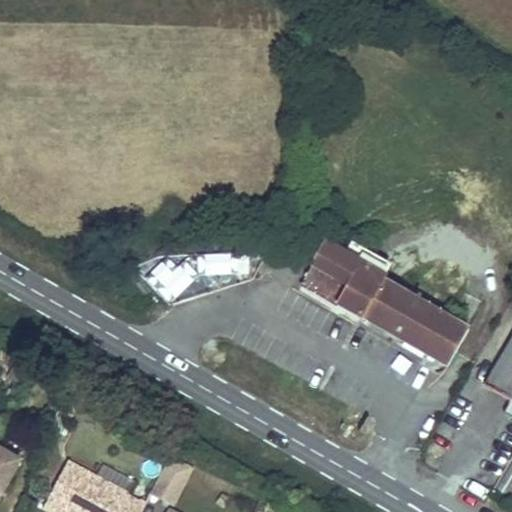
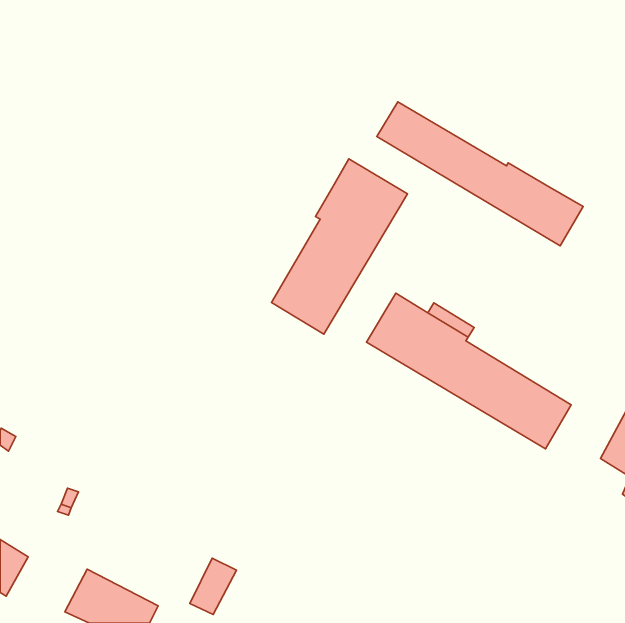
building: none -> [377,102,583,246]
building: none -> [272,159,407,334]

